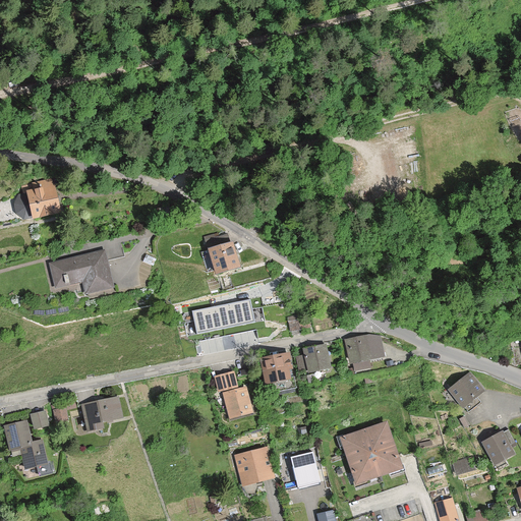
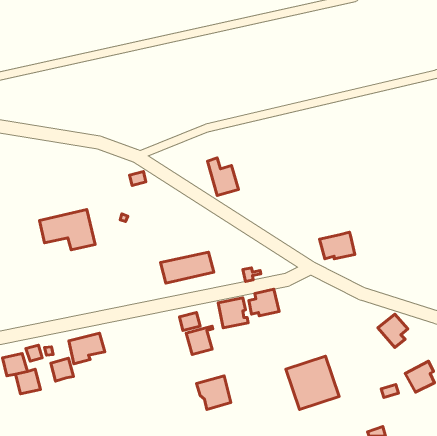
building: [12,178,60,221] -> none
building: [204,233,240,278] -> [208,158,239,196]
building: [343,331,385,362] -> [320,232,355,259]
building: none -> [51,358,73,381]
building: [288,449,320,484] -> none

